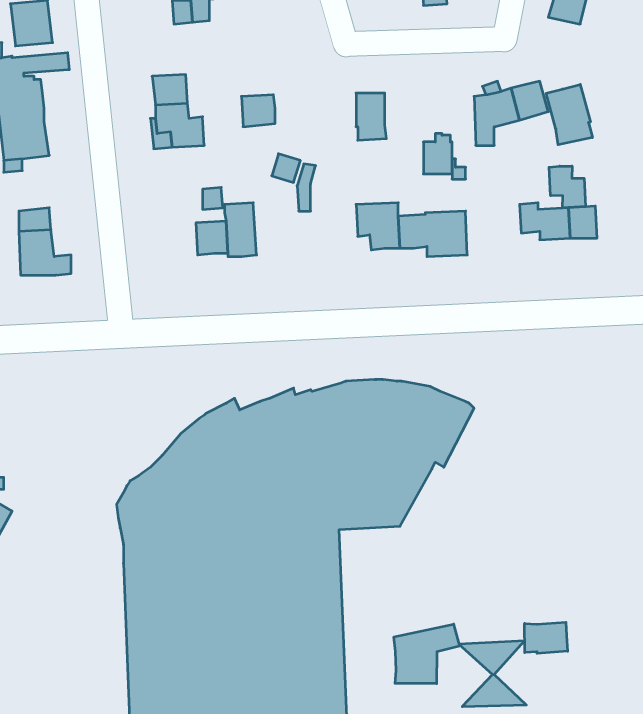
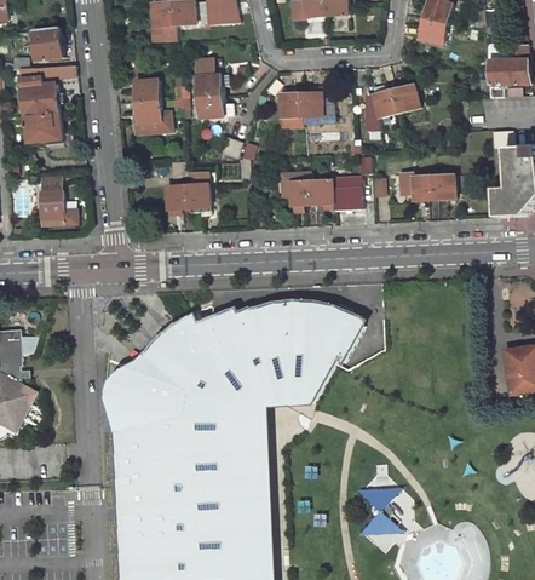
building: none -> [196,59,222,96]
building: [546,84,592,145] -> none
building: [423,134,452,174] -> [301,87,322,116]
building: [549,166,586,208] -> none
building: [525,622,568,653] -> none
building: [394,624,459,684] -> none

